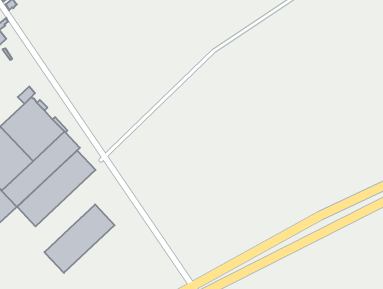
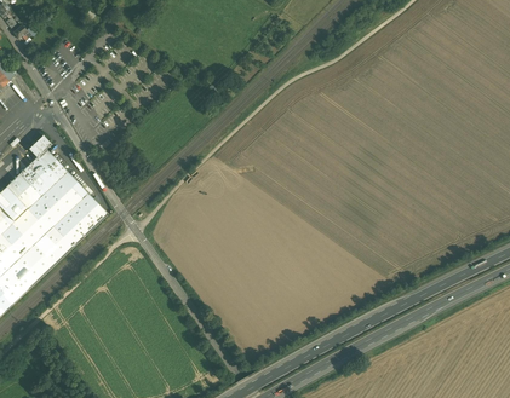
building: [17,150,96,226] -> none
building: [44,204,115,273] -> none

